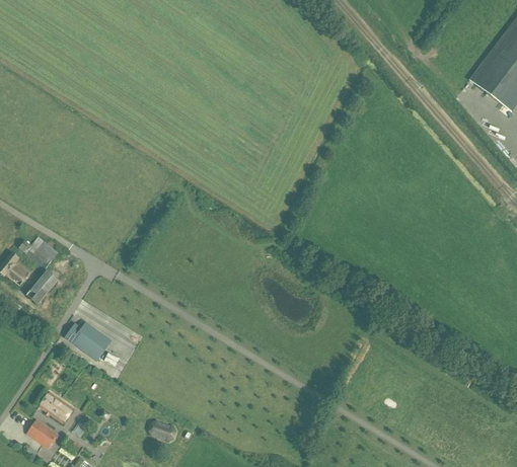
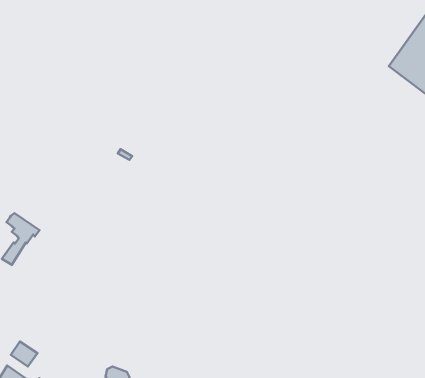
building: [64,324,109,363] -> none

